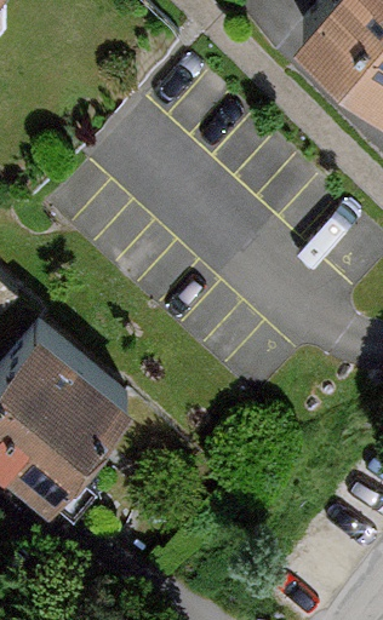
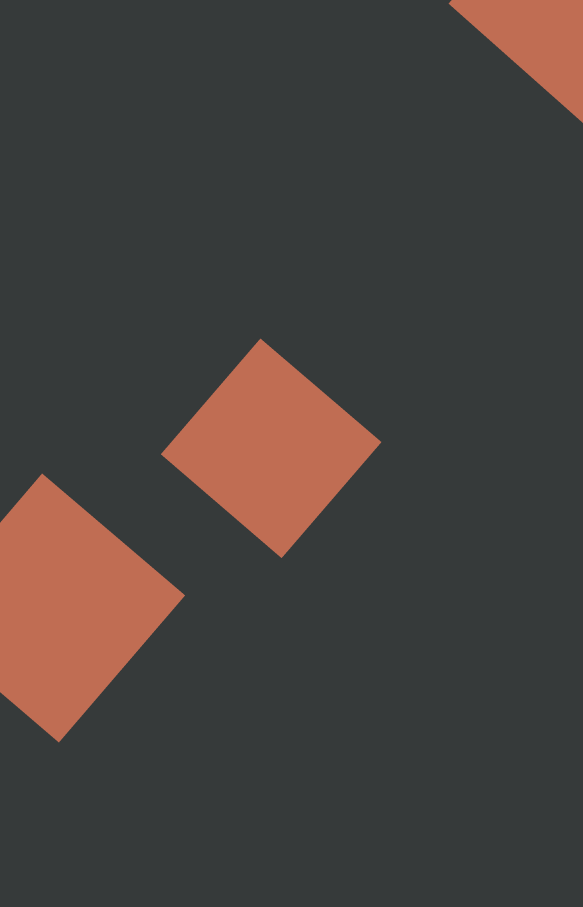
building: none -> [160,337,383,559]

